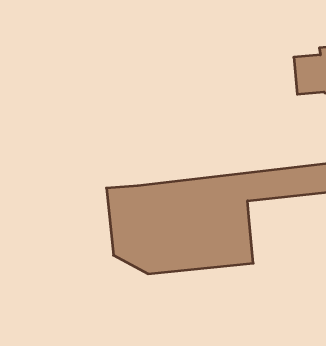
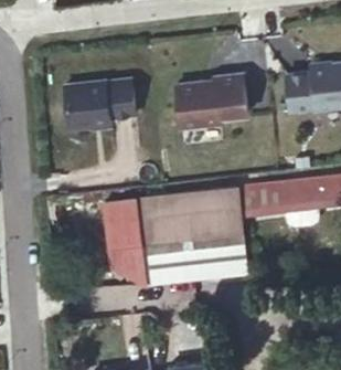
building: none -> [177,74,248,127]
building: none -> [66,78,138,127]

